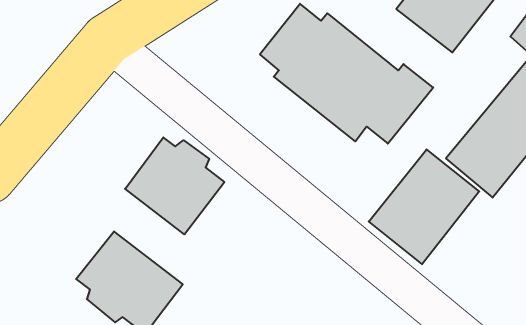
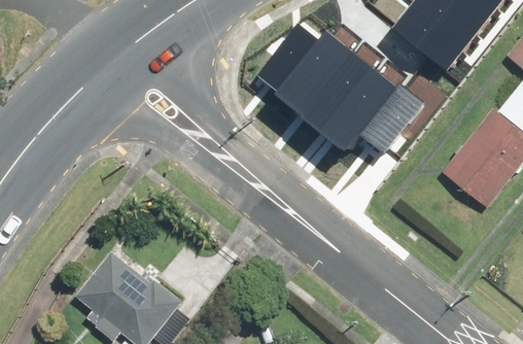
building: [125,137,224,234] -> none
building: [369,149,479,264] -> none

